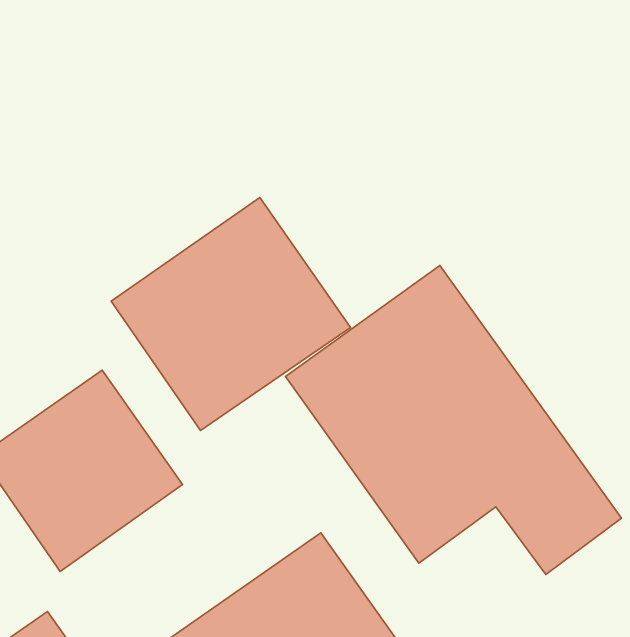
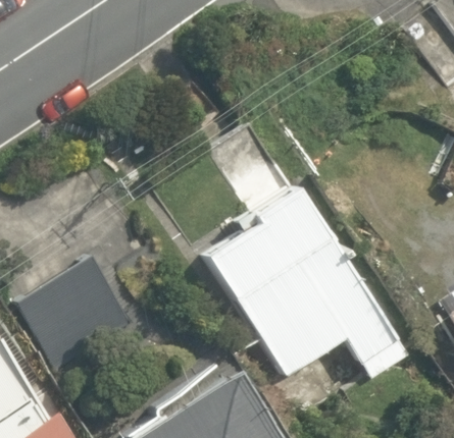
building: [111,198,351,430] -> none

